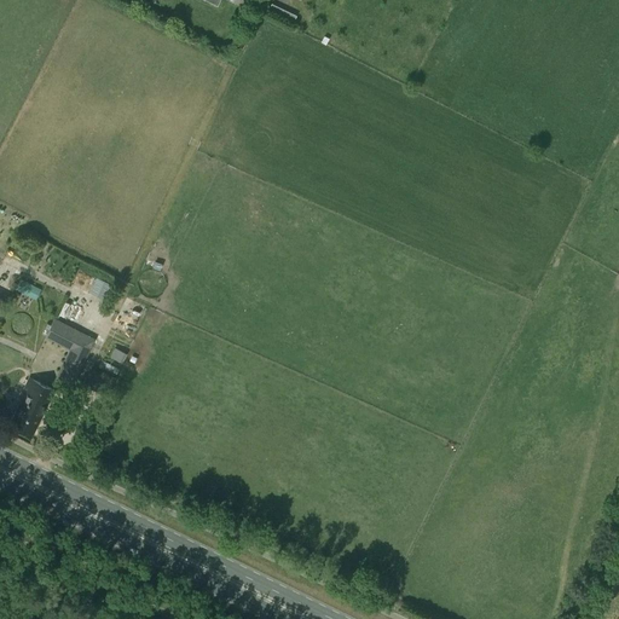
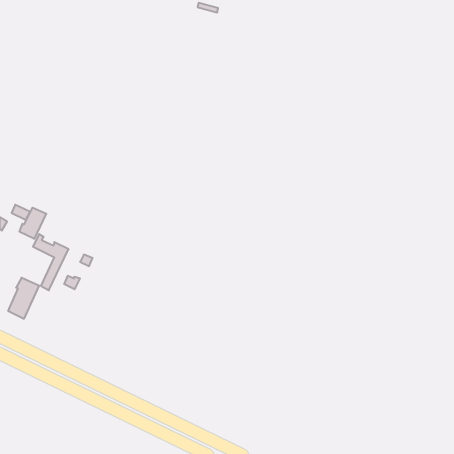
building: none -> [19,208,46,239]

